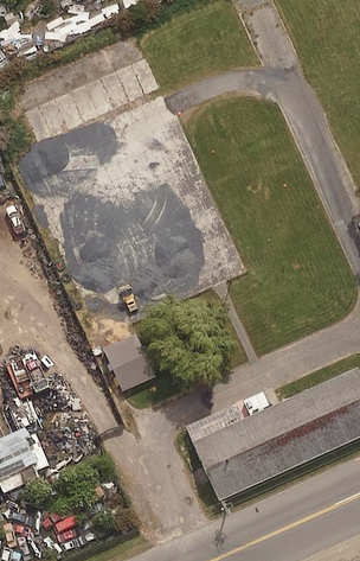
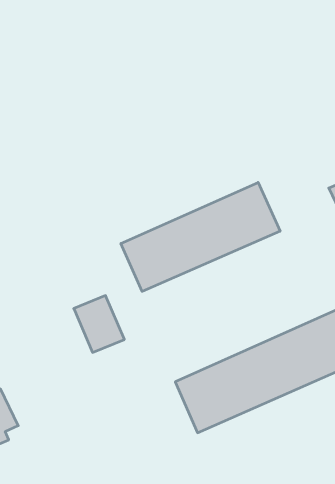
building: none -> [121,182,280,291]

